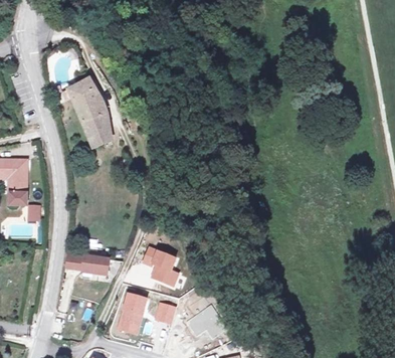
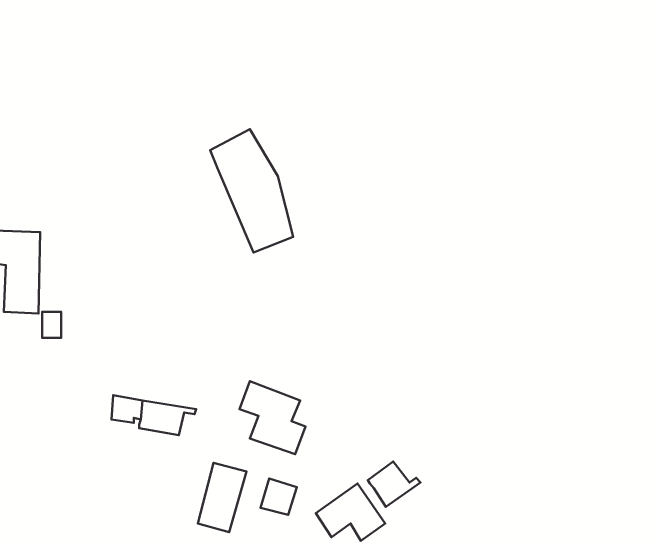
building: [65,76,114,148] -> [210,129,293,252]
building: none -> [368,461,420,507]

